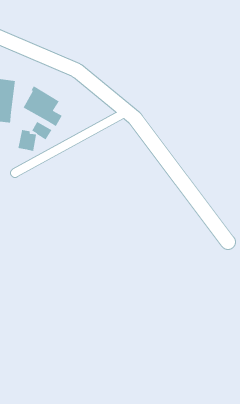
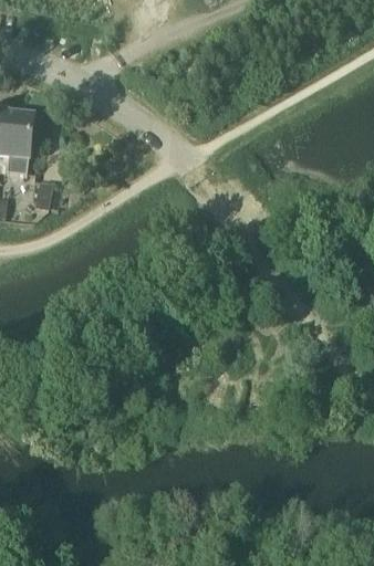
building: [22,85,63,127] -> none

